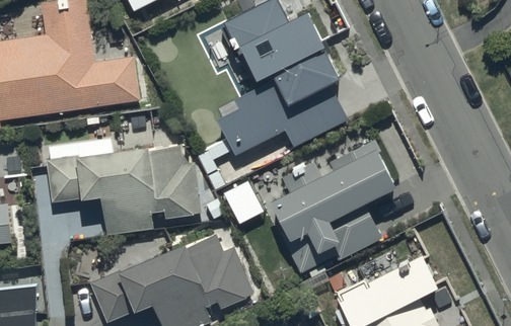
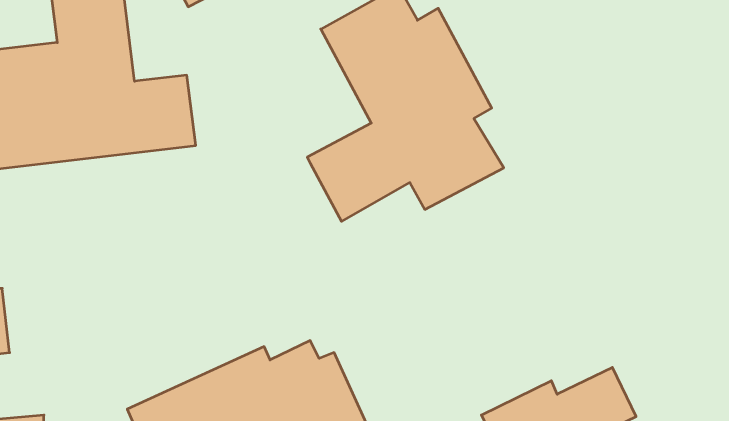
building: [270,140,396,272] -> none
building: [46,145,202,237] -> none

